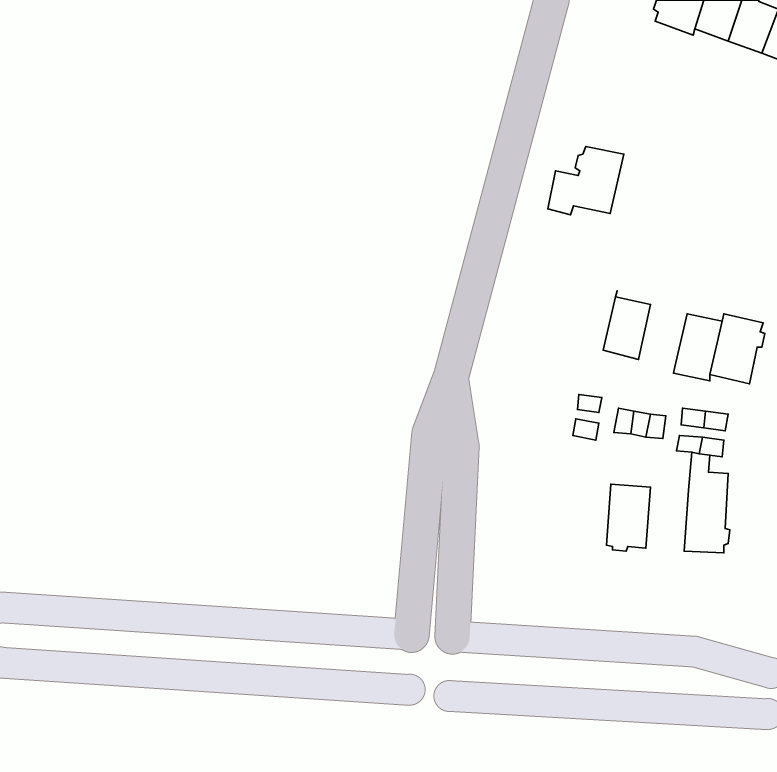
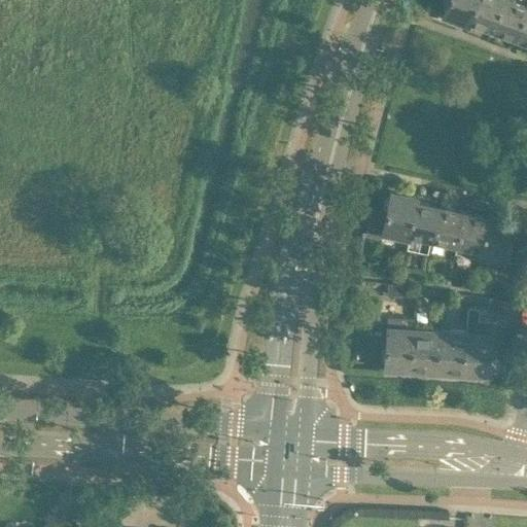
building: [548,146,624,215] -> [366,196,418,242]
building: none -> [433,210,465,252]
building: none -> [382,320,415,373]
building: none -> [437,333,466,379]

